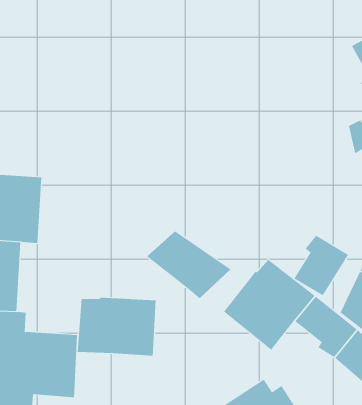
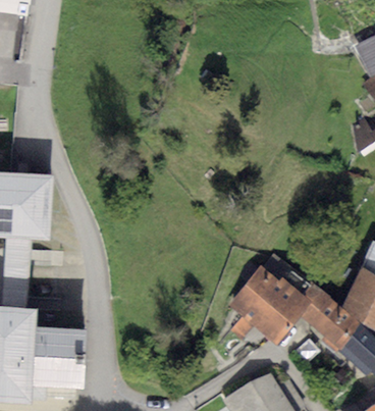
building: [146,230,231,299] -> none
building: [294,235,349,296] -> none
building: [77,297,156,356] -> none

